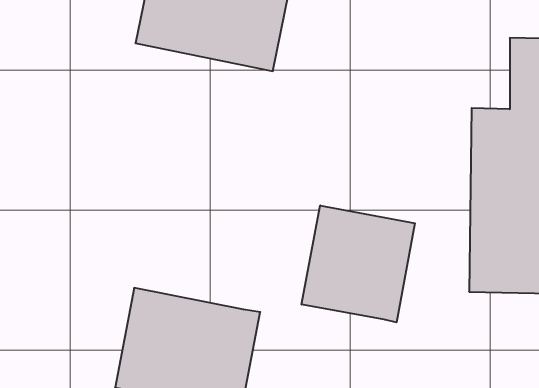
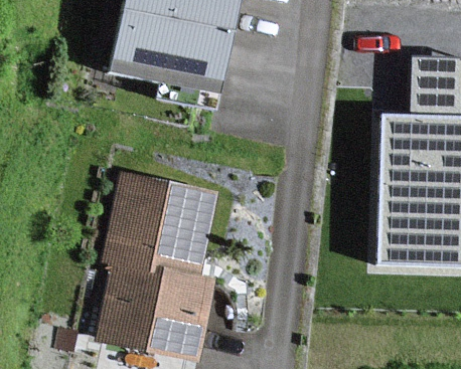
building: none -> [103,176,214,276]
building: [302,205,415,322] -> none

